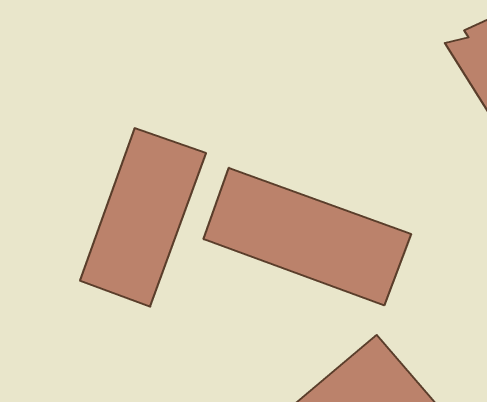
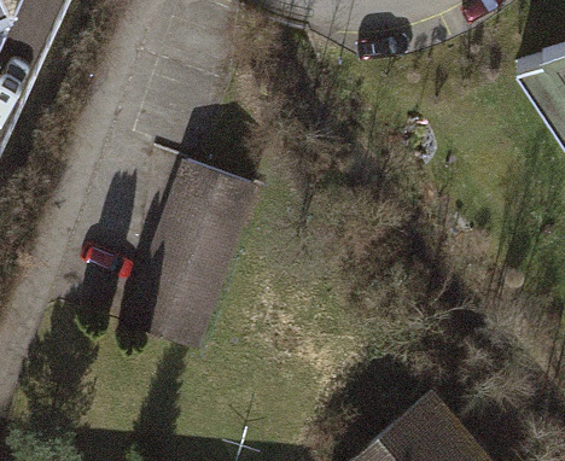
building: [204,168,411,305] -> none

